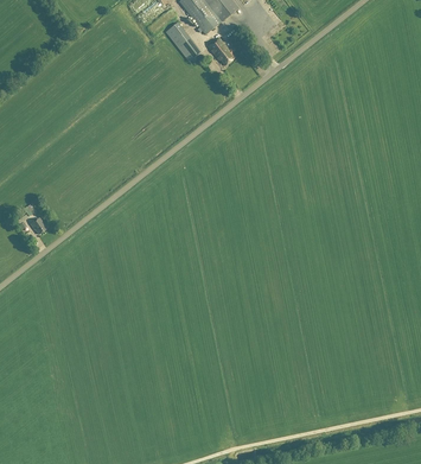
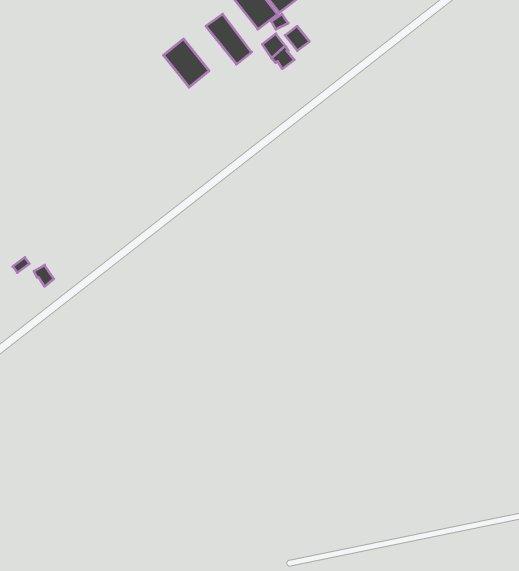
building: none -> [163,39,209,87]

